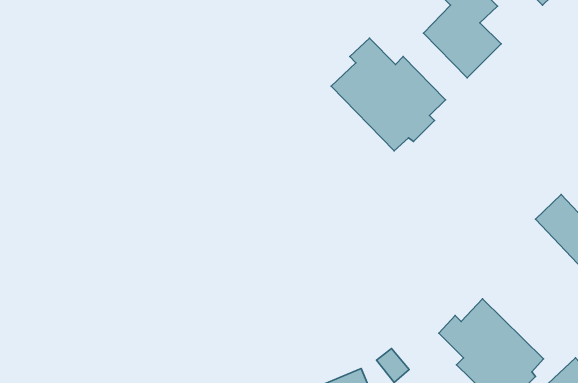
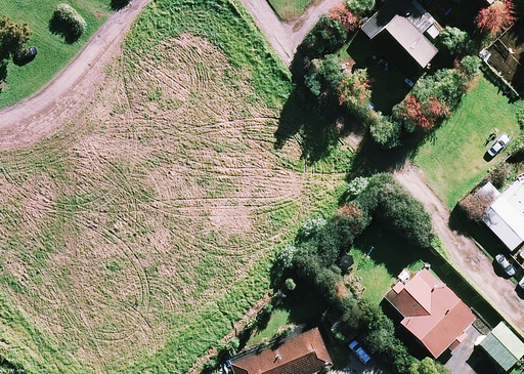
building: [331,38,445,151] -> none

